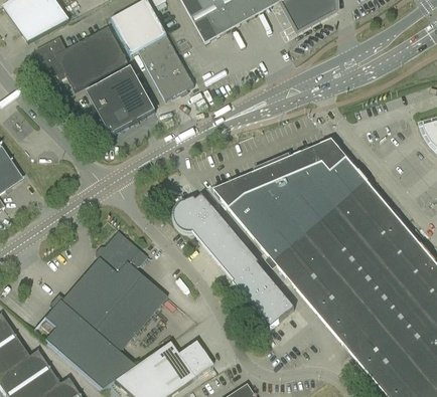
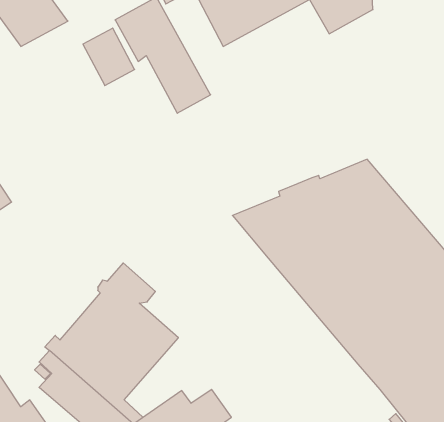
building: [36,35,102,90] -> none
building: [88,67,155,135] -> none
building: [174,193,294,327] -> none

